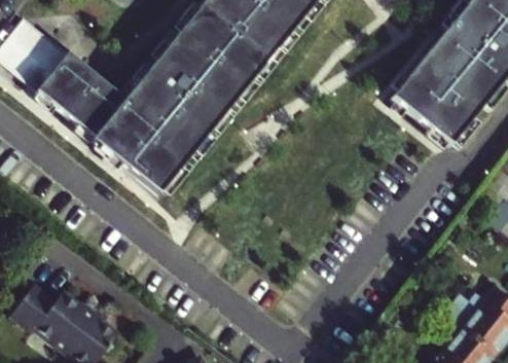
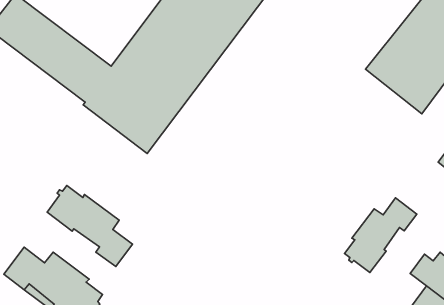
building: none -> [47,186,132,267]
building: none -> [345,198,417,272]

